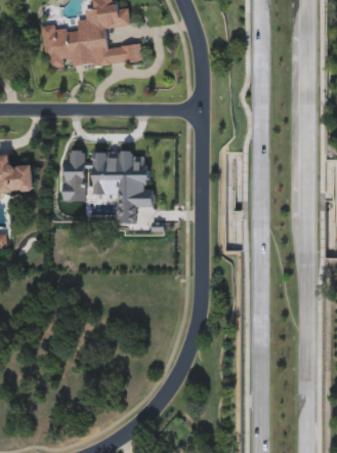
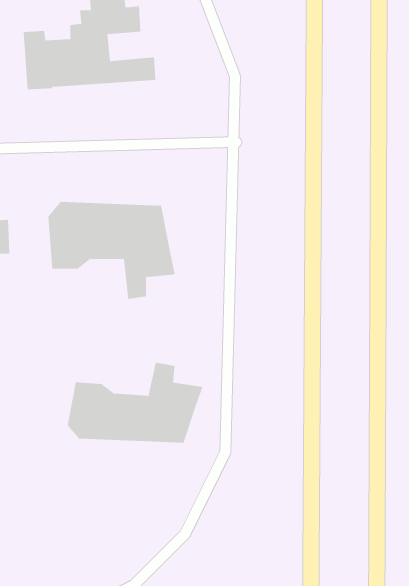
building: none -> [67,362,203,444]

